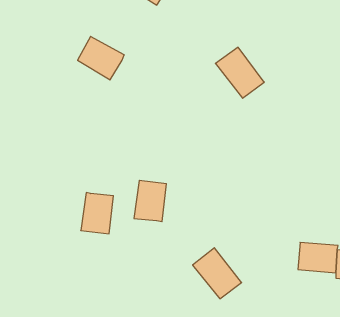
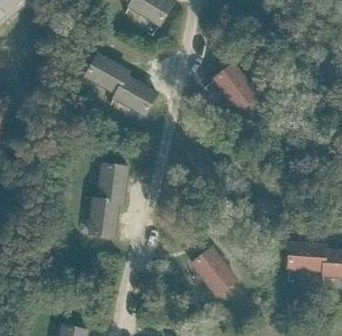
building: none -> [113,76,156,115]
building: [134,180,166,222] -> [97,164,127,202]

